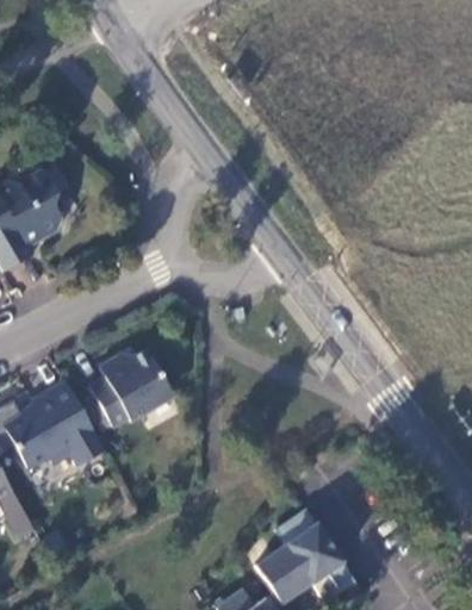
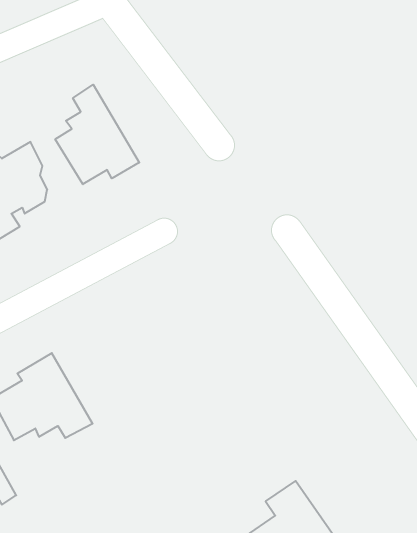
building: none -> [55,85,139,184]
building: [89,348,172,428] -> none

